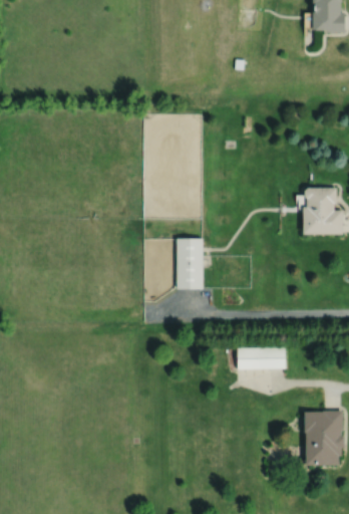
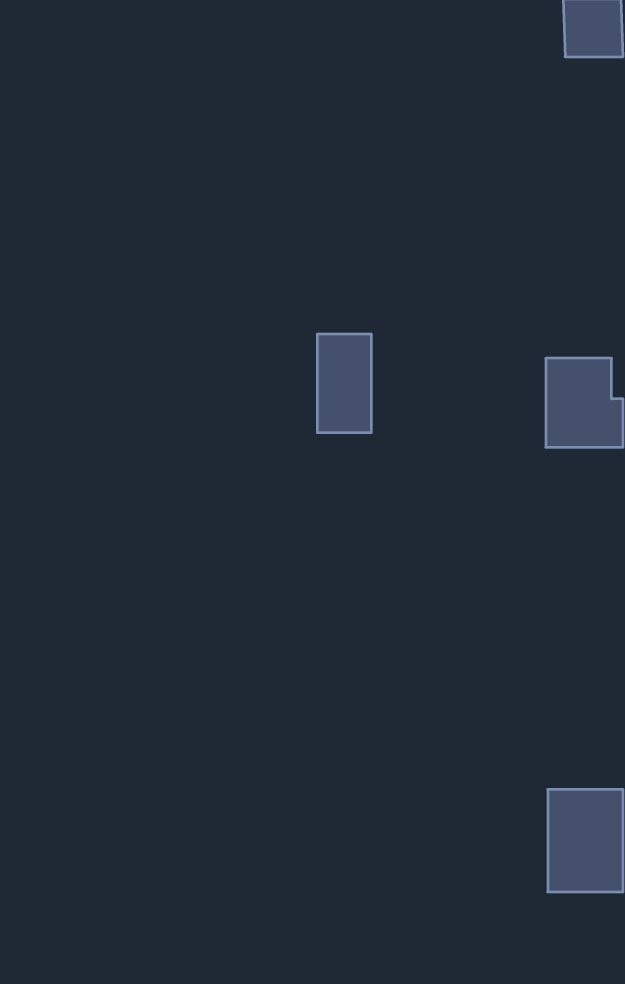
building: [176,238,204,289] -> [317,334,371,433]
building: [237,347,286,369] -> none

